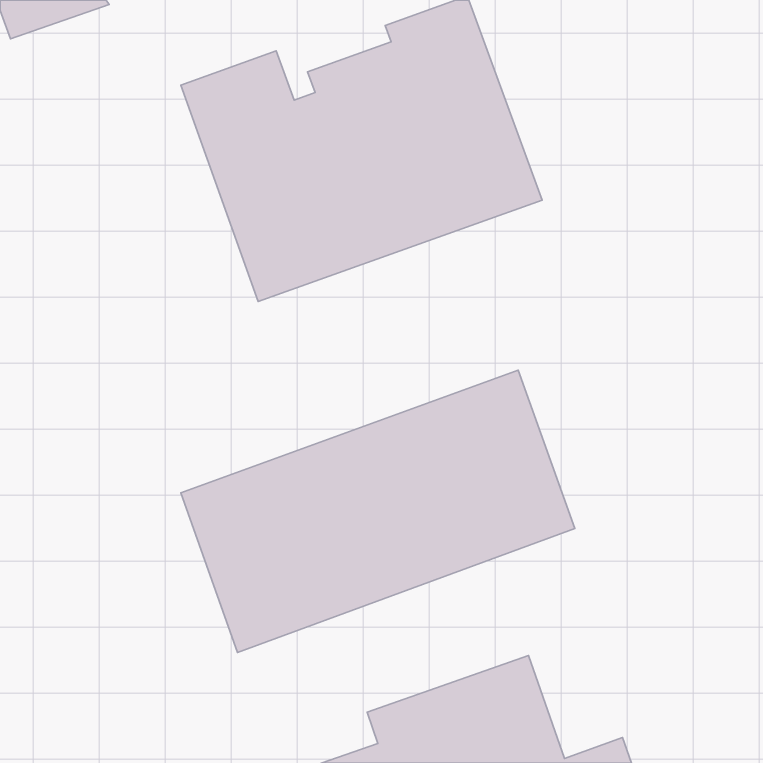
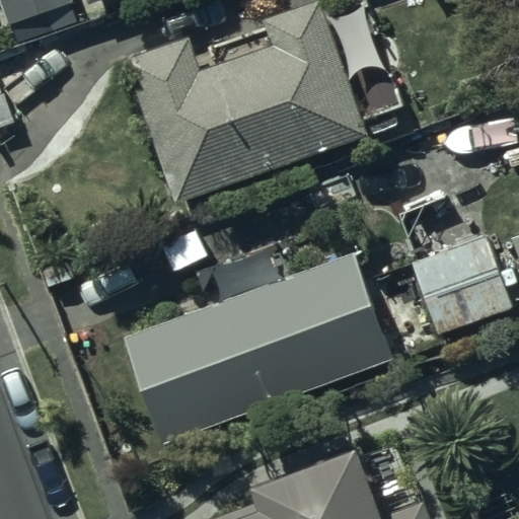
building: none -> [411,234,512,335]

